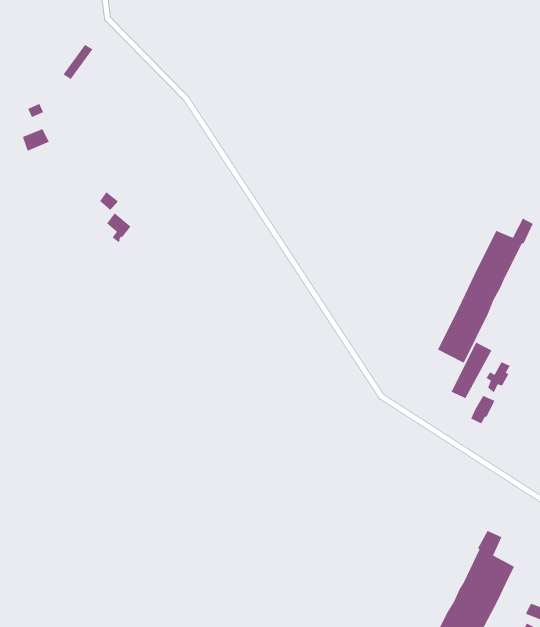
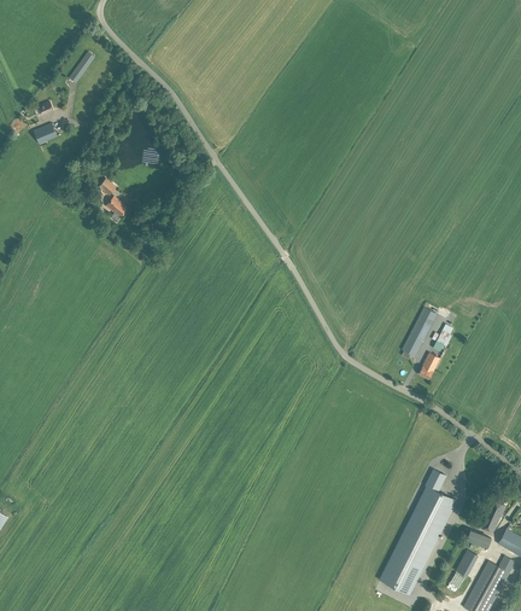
building: [437,217,534,363] -> none

